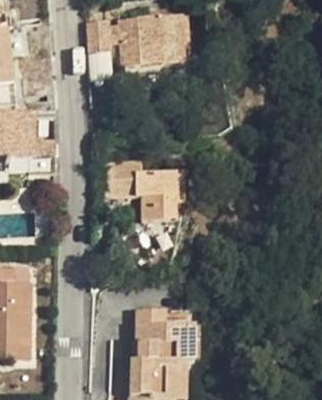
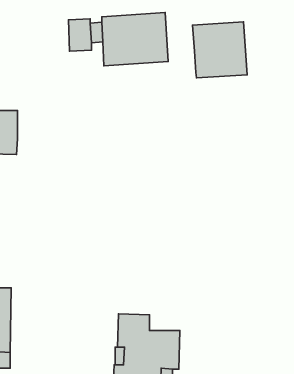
building: none -> [192,22,247,78]
building: [105,162,184,220] -> none

